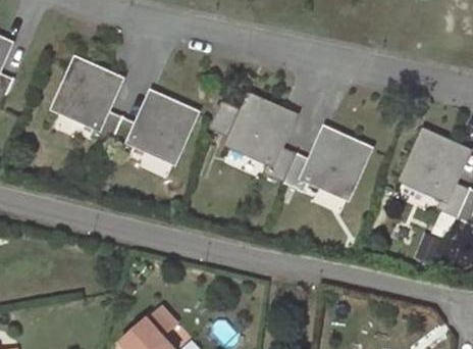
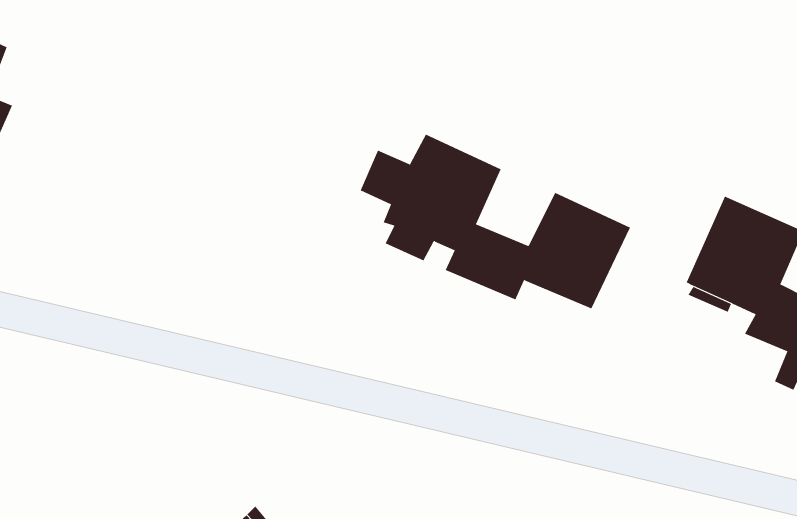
building: [53,59,197,168] -> none

